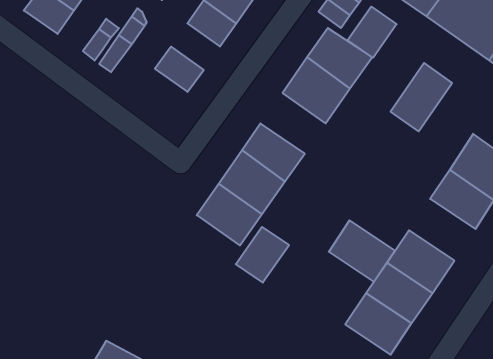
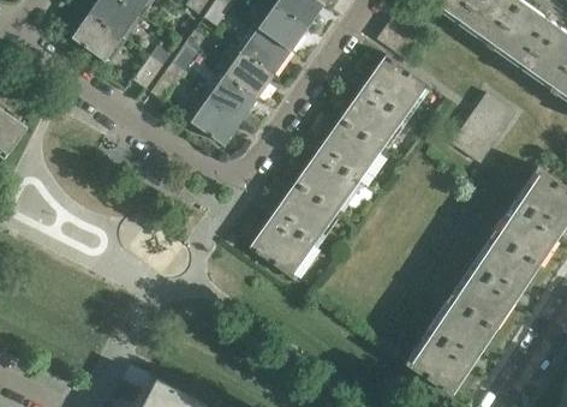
building: [348,7,397,58] -> none
building: none -> [216,46,274,98]
building: none -> [190,97,240,145]
building: none -> [316,122,383,185]
building: [329,220,395,282] -> [470,232,538,295]
building: [236,227,289,283] -> none

